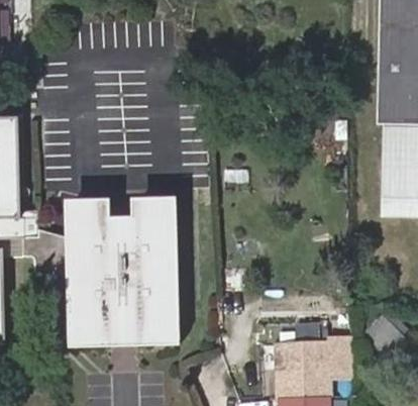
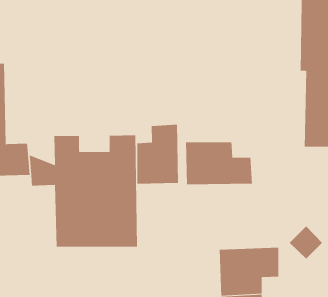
building: none -> [137,124,178,185]
building: none -> [185,142,253,185]

